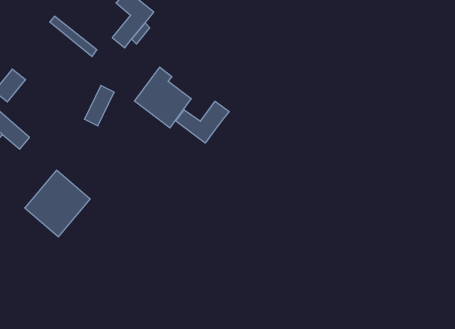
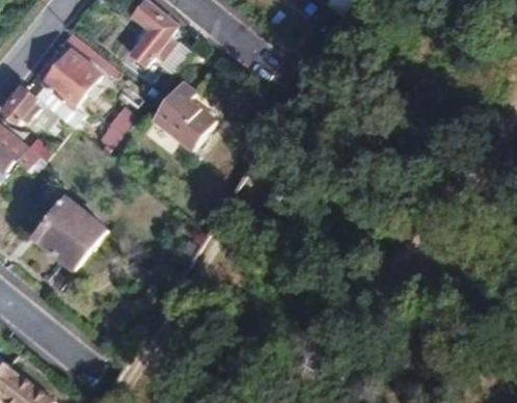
building: none -> [43,50,98,105]
building: [176,101,229,143] -> none

